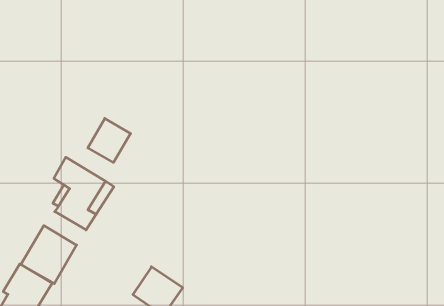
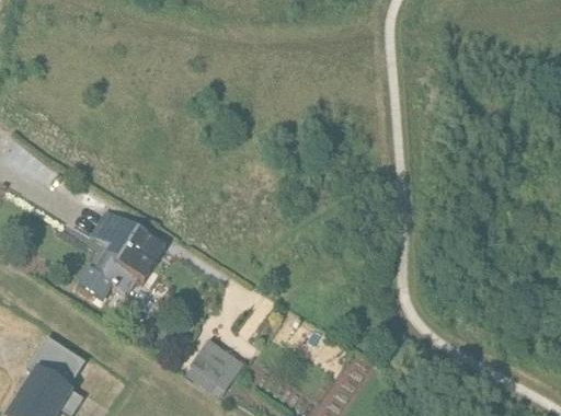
building: [88,118,131,162] -> none
building: [21,226,77,284] -> none

